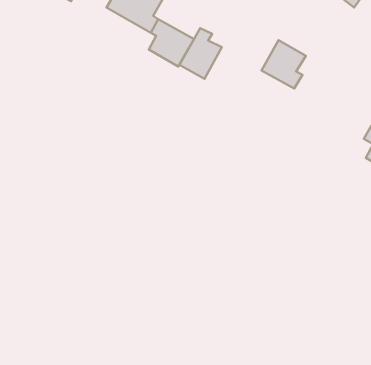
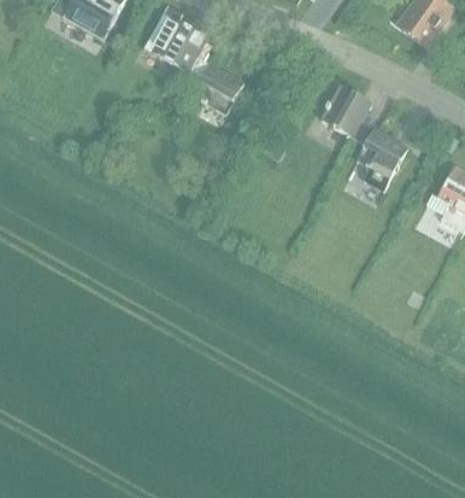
building: [180,28,222,79] -> none
building: none -> [355,123,407,189]

